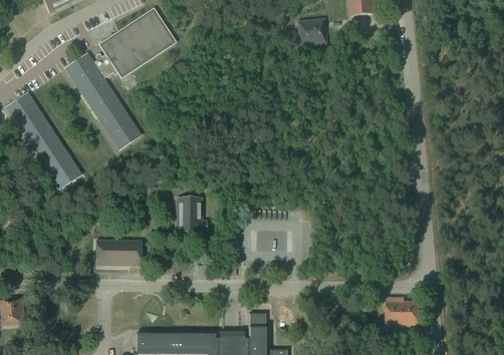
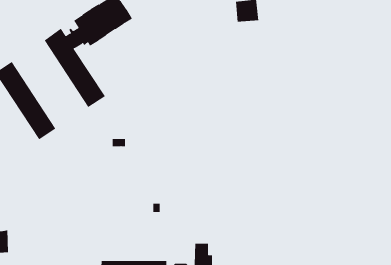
building: [176,198,206,233] -> none
building: [95,240,141,266] -> none
building: [386,297,419,327] -> none

